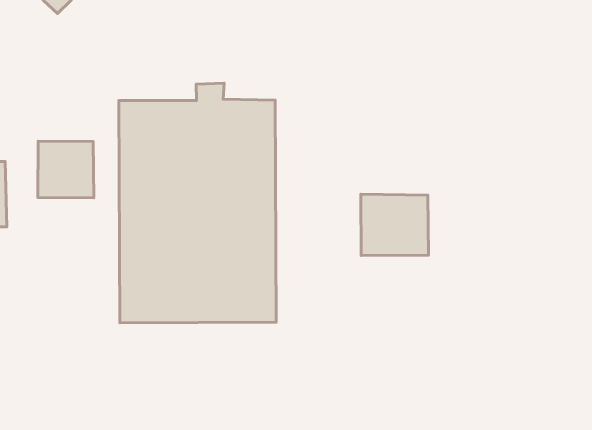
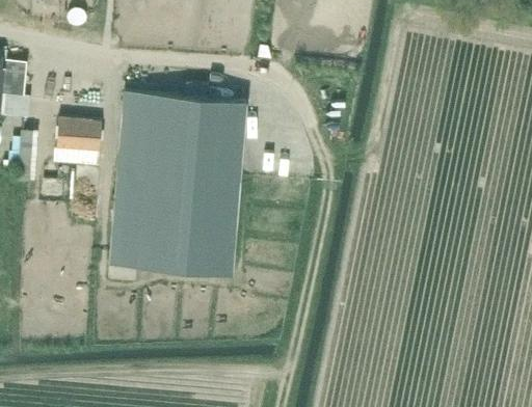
building: [361,194,428,255] -> none

